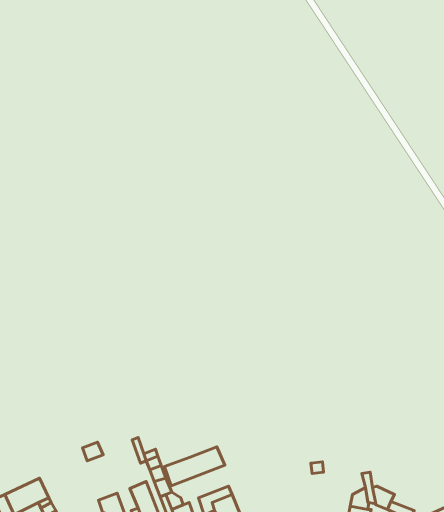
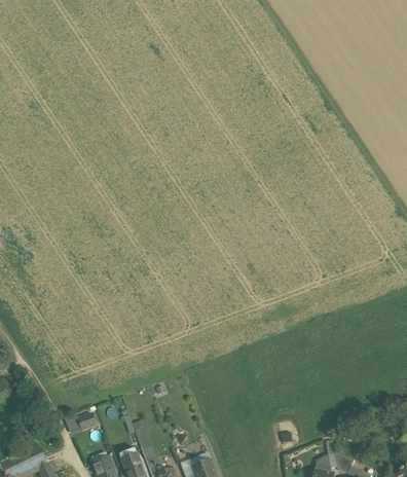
building: [165,447,225,486] -> none

